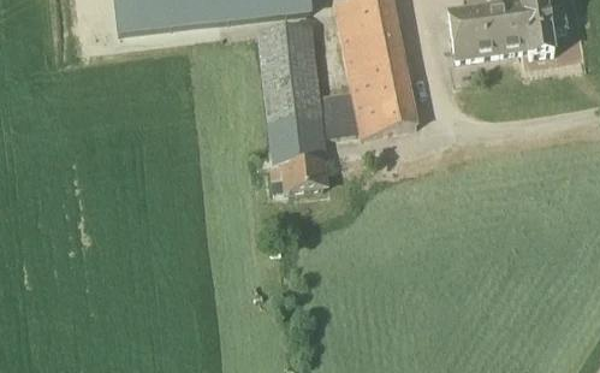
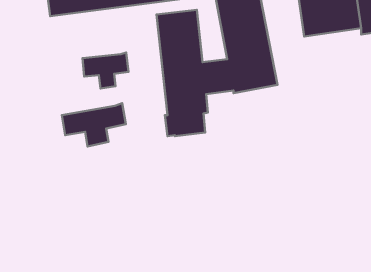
building: none -> [82,53,128,89]
building: none -> [62,103,126,147]

